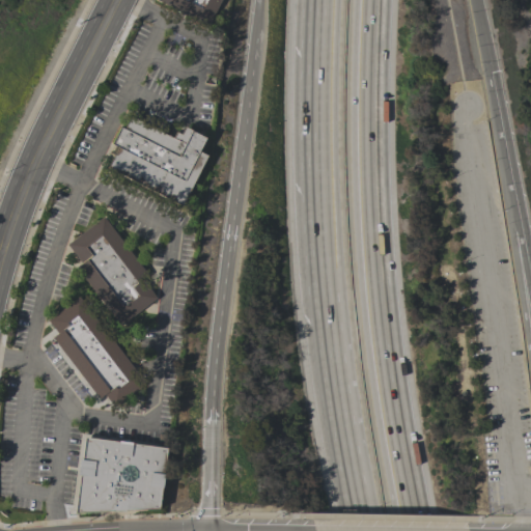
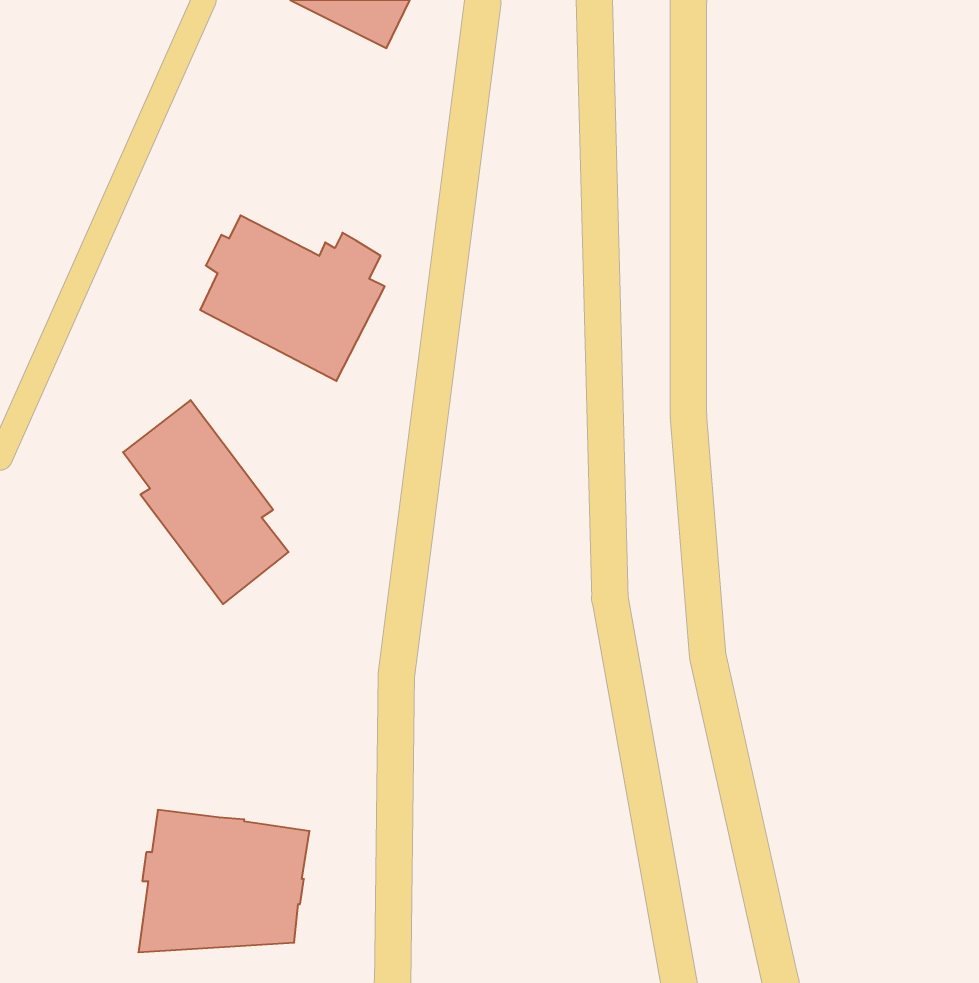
building: [50,296,146,408] -> none

